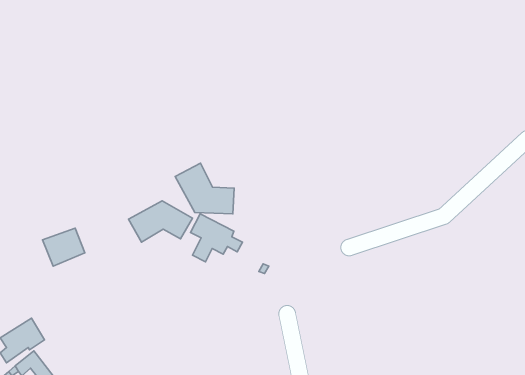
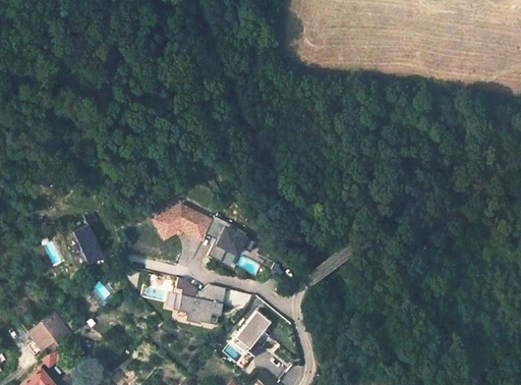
building: [175,163,234,214] -> none
building: none -> [174,284,228,326]
building: none -> [232,312,272,359]

